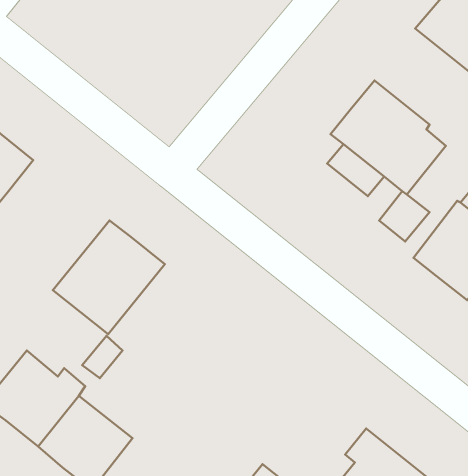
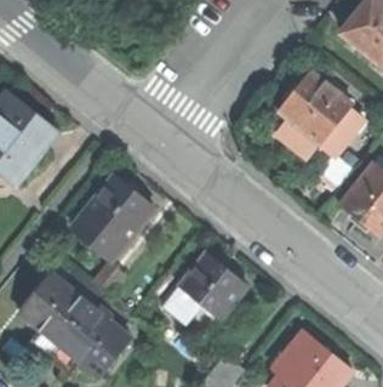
building: none -> [166,252,247,319]

